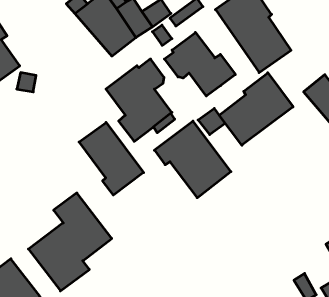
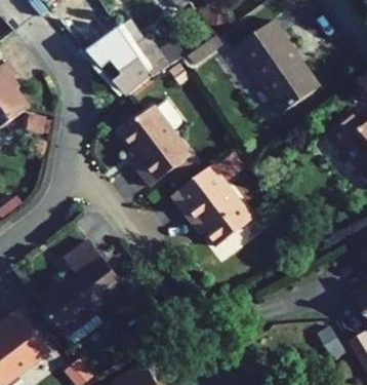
building: [164,32,235,96] -> none
building: [219,73,293,145] -> none
building: [79,122,144,195] -> none

